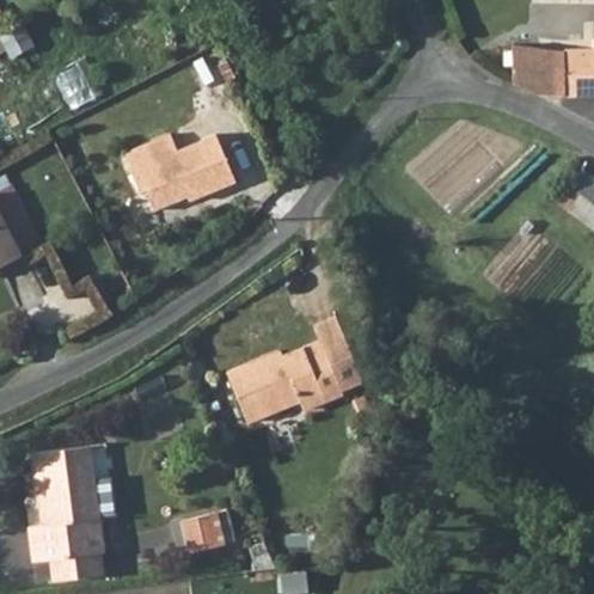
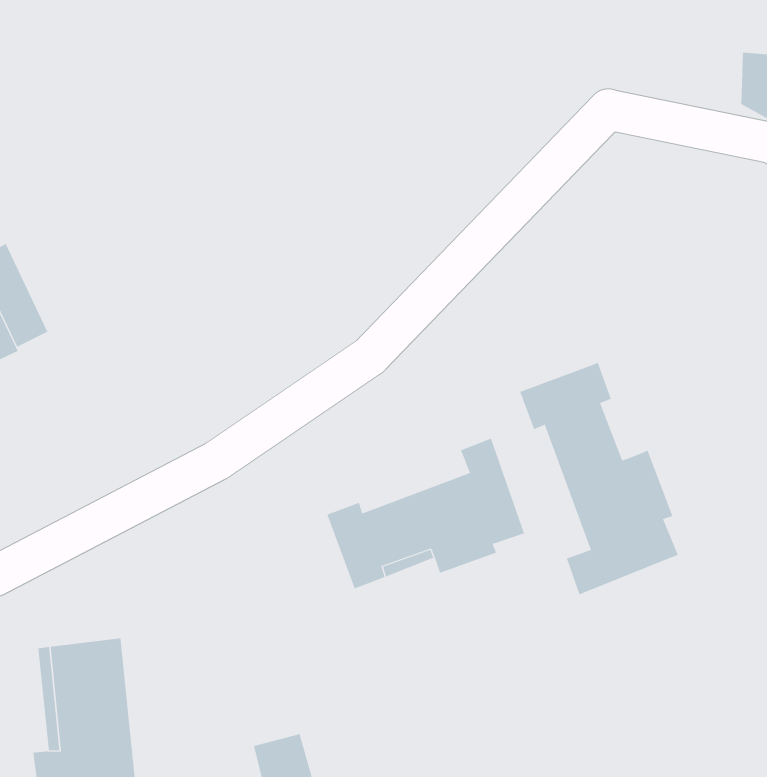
building: [124,133,237,210] -> none
building: none -> [519,362,678,595]

